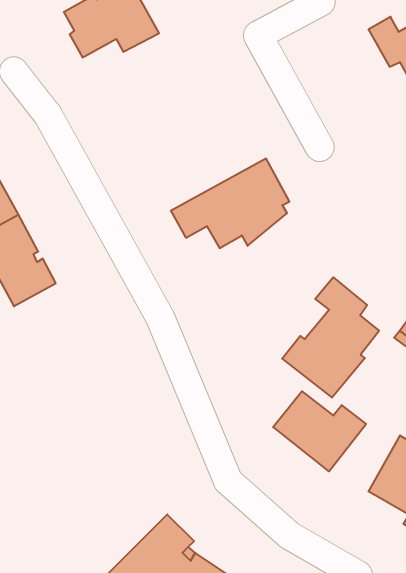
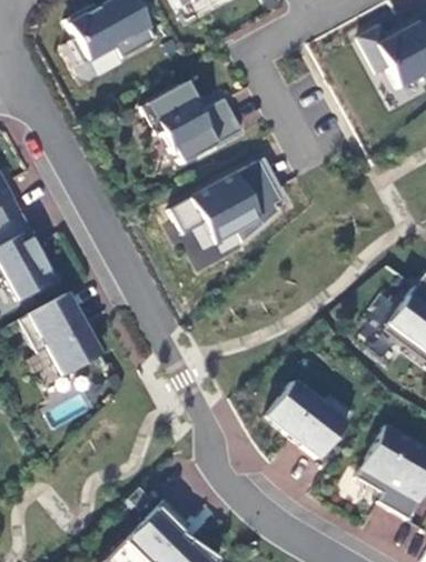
building: none -> [140,79,244,163]
building: [282,277,379,398] -> none
building: none -> [17,293,106,375]

